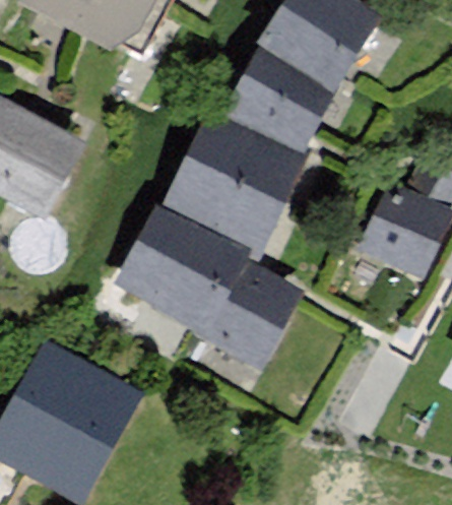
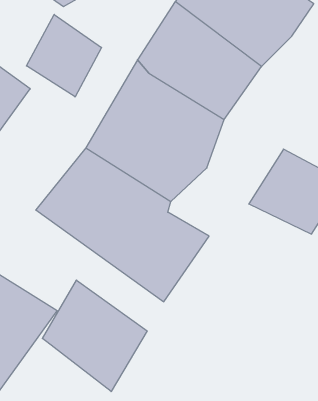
building: none -> [26,14,102,97]
building: none -> [42,280,147,392]

